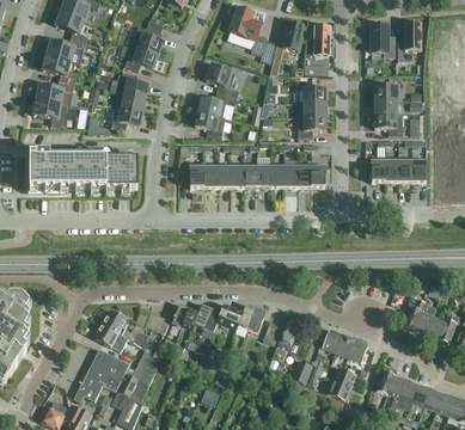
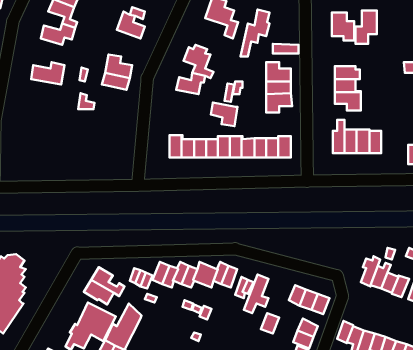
building: [305,24,330,55] -> none
building: [124,44,158,69] -> none
building: [42,54,77,84] -> none
building: [33,99,69,127] -> none
building: [111,105,142,129] -> none
building: [195,111,225,137] -> [211,103,238,126]
building: [29,152,137,188] -> none

